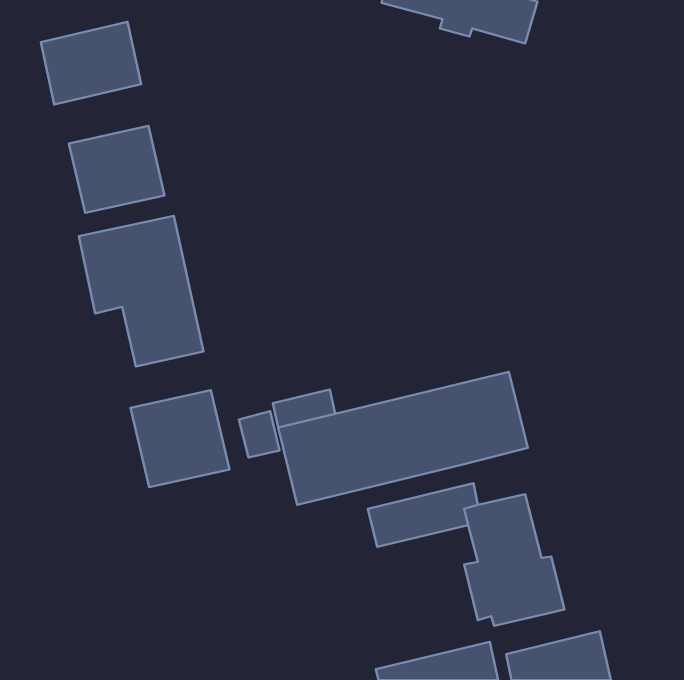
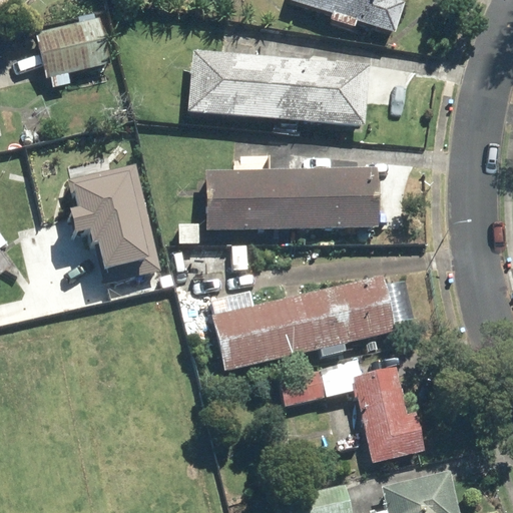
building: none -> [186,49,370,127]
building: [69,126,165,213] -> none
building: none -> [205,170,375,230]
building: [131,390,229,487] -> none

